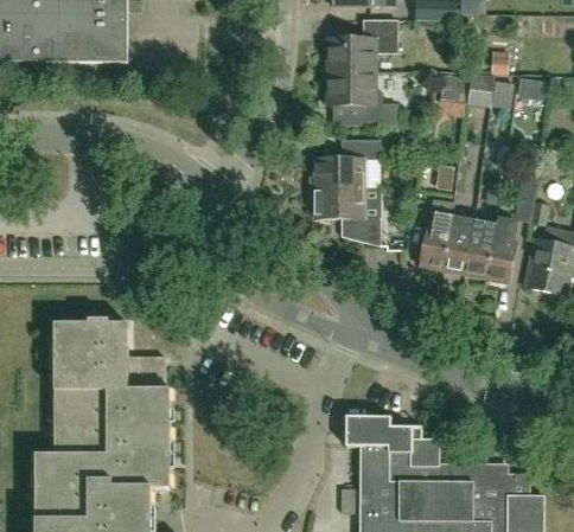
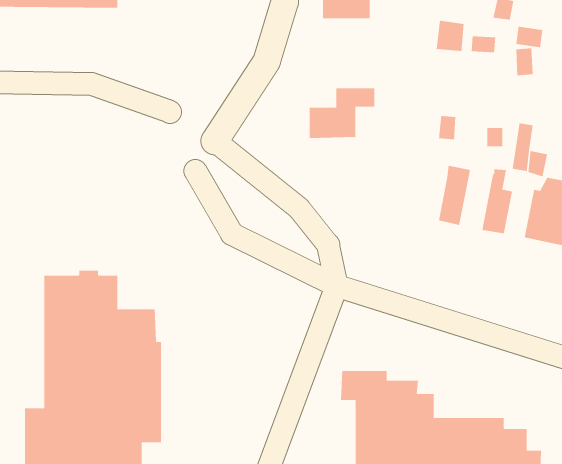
building: [327,72,397,126] -> none
building: [314,188,380,246] -> none
building: [419,199,453,270] -> none
building: [463,220,495,280] -> none

